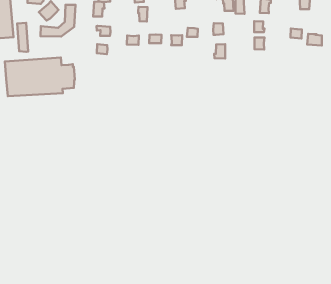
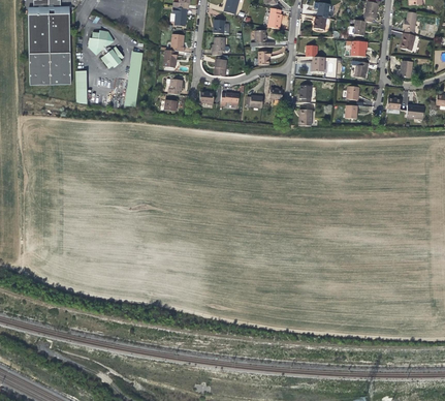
building: [5,57,75,96] -> none

